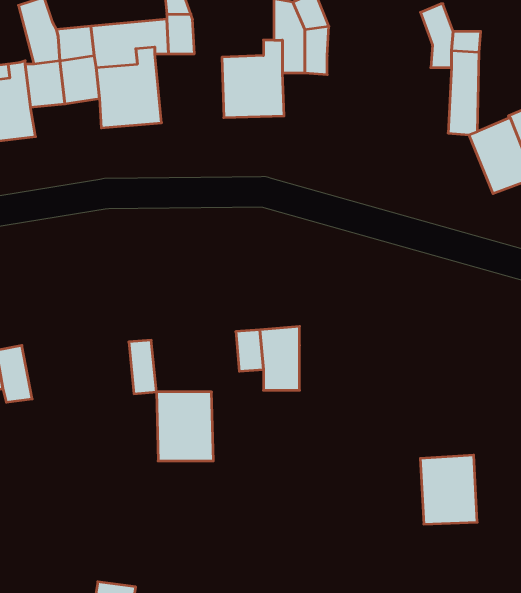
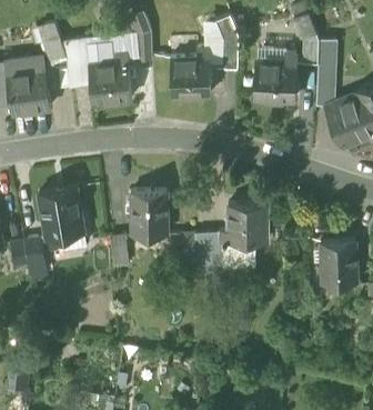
building: none -> [255,52,296,101]
building: none -> [40,189,84,238]
building: none -> [221,204,268,243]
building: [156,392,213,461] -> [132,191,169,236]
building: [420,455,477,524] -> [321,240,357,284]

